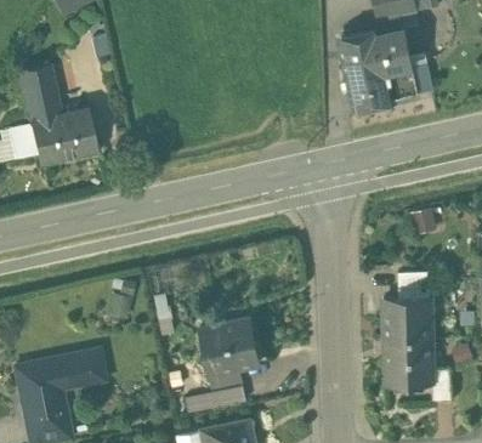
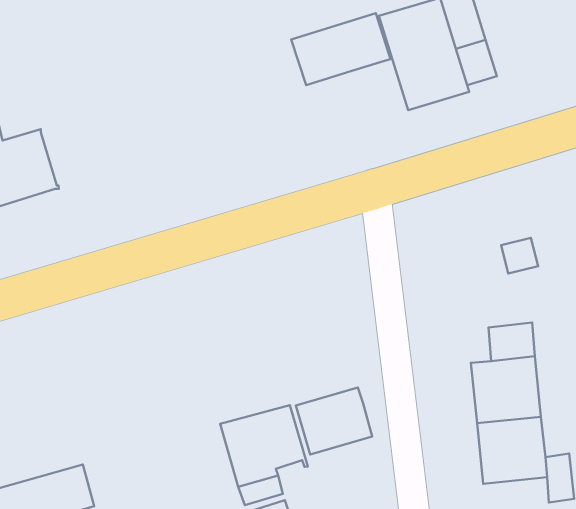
building: none -> [291,13,391,85]
building: none -> [296,387,372,455]

